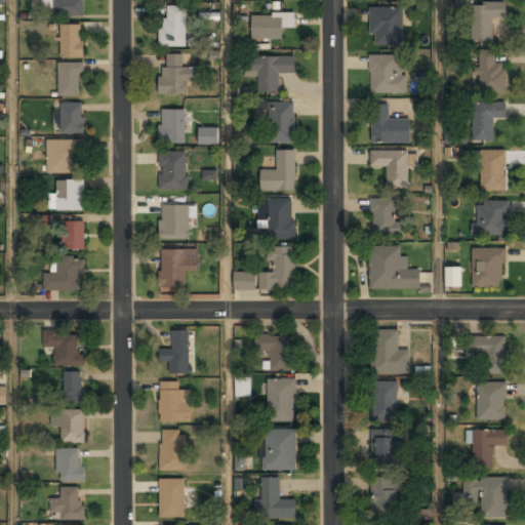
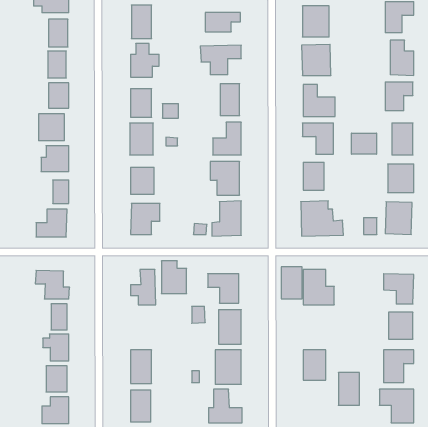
building: none -> [352,133,376,154]
building: [160,381,191,421] -> [161,261,187,294]
building: [372,381,398,420] -> [281,267,302,299]
building: [371,477,397,517] -> [338,373,359,405]

